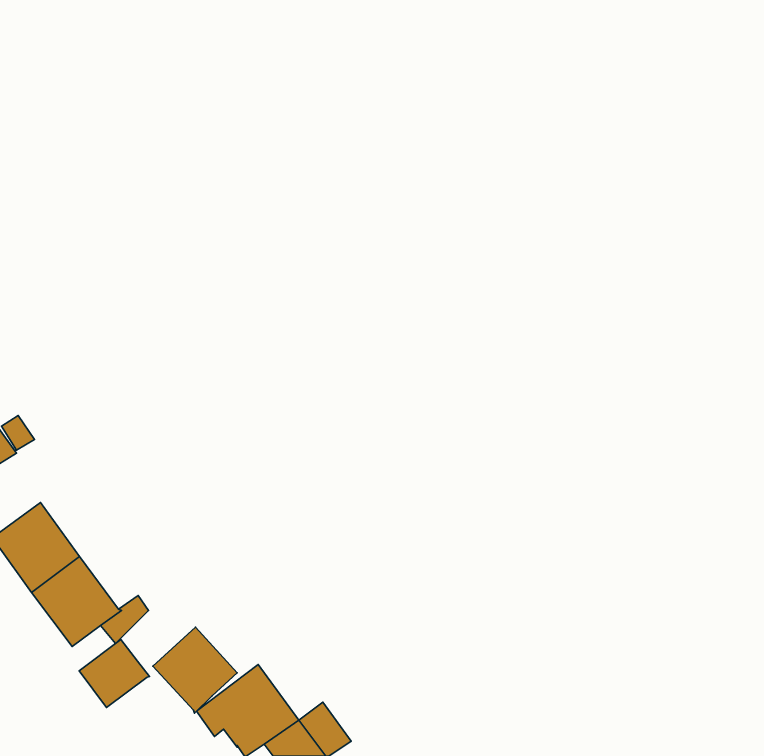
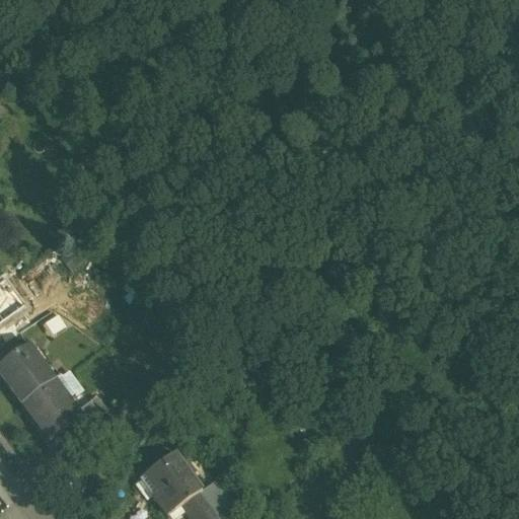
building: [153,627,237,713] -> none
building: [79,640,150,708] -> none

